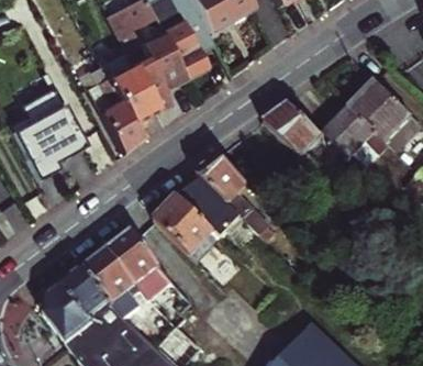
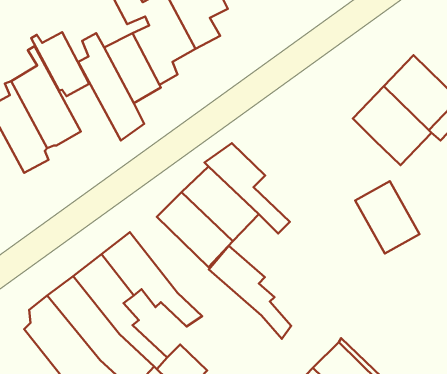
building: none -> [31,32,89,96]
building: [267,106,322,167] -> [355,181,420,253]
building: none -> [209,246,291,339]

